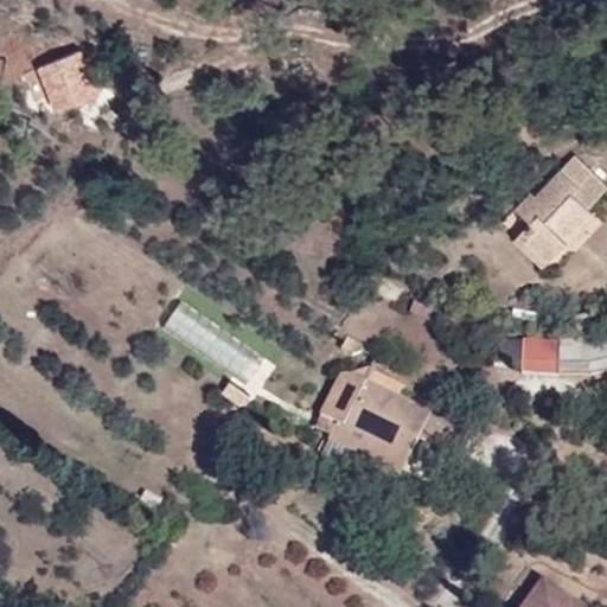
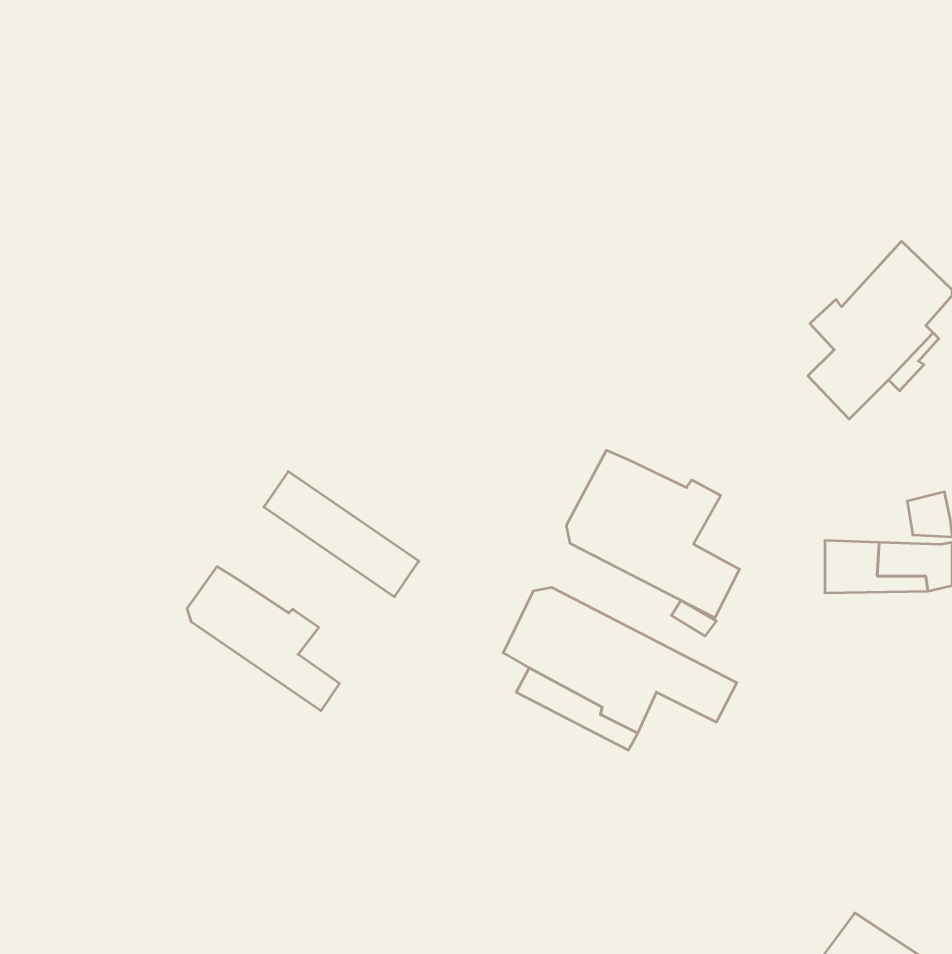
building: [41,47,100,107] -> none
building: none -> [567,450,740,618]
building: none -> [187,567,339,711]

